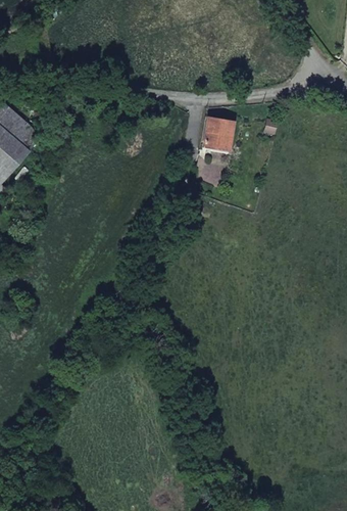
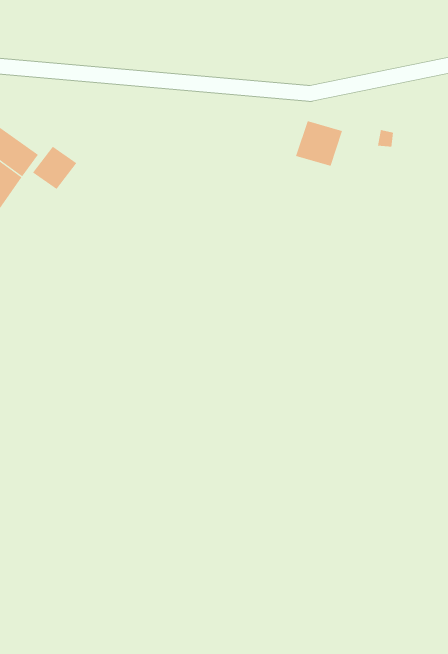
building: none -> [32,146,77,190]

